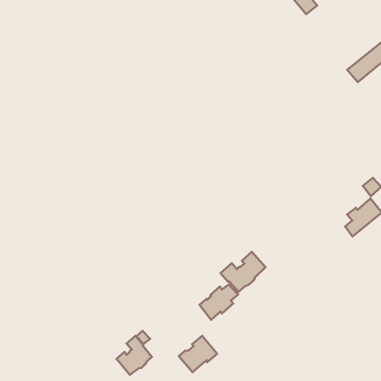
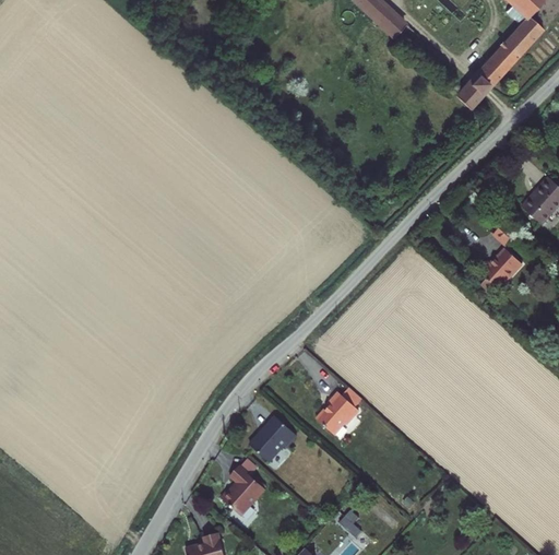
building: [220,252,266,292] -> none
building: [179,336,217,372] -> [251,414,298,461]

